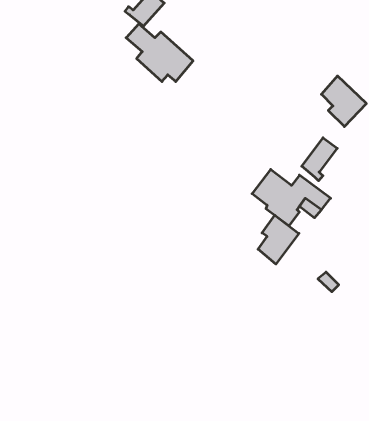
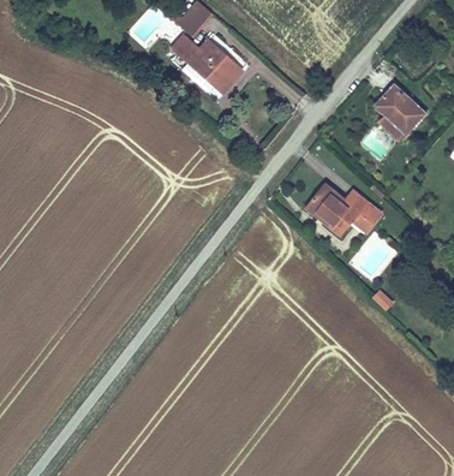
building: [302,138,337,181] -> none
building: [258,215,299,264] -> none

